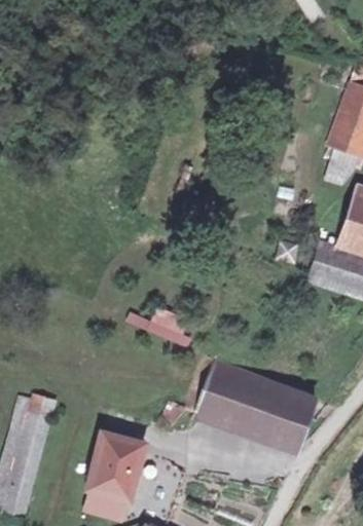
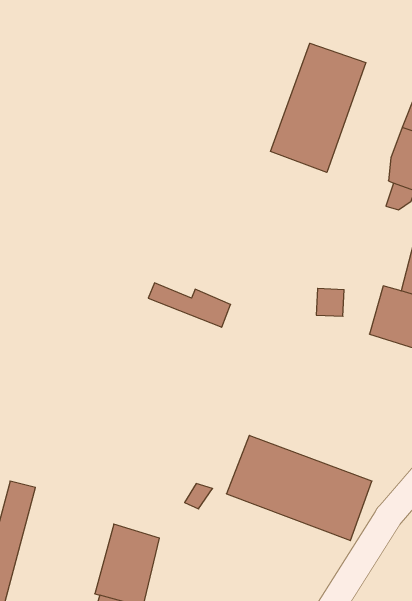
building: none -> [270,43,366,172]
building: [124,311,191,347] -> [148,283,231,327]

